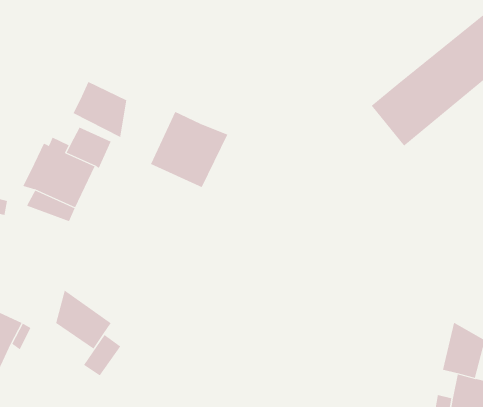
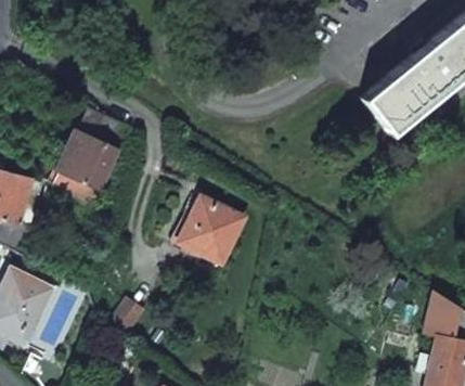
building: [73,81,127,138] -> none
building: [150,111,228,188] -> [177,195,245,262]
building: [55,289,112,349] -> none

